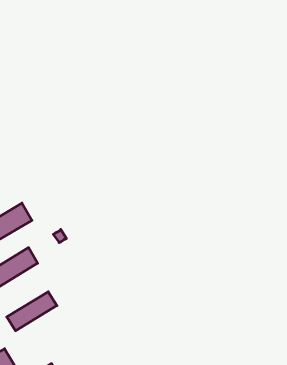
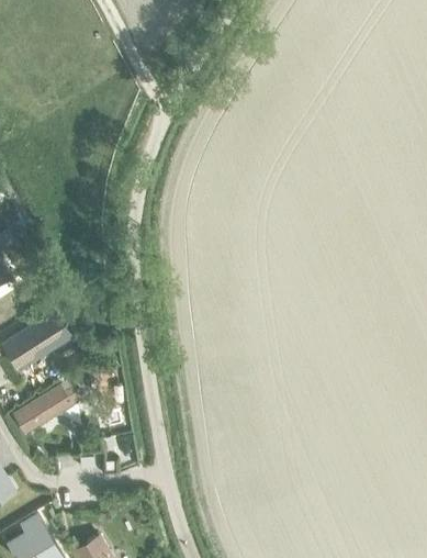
building: [7,292,57,331] -> none

